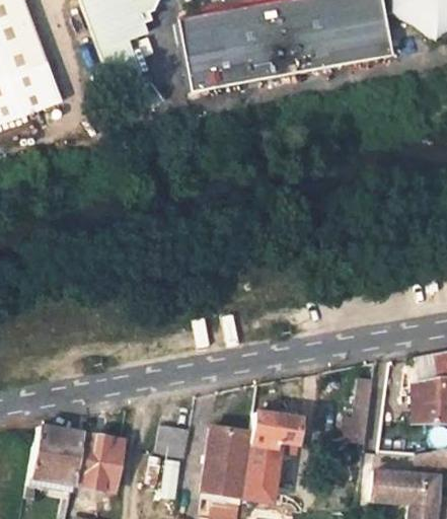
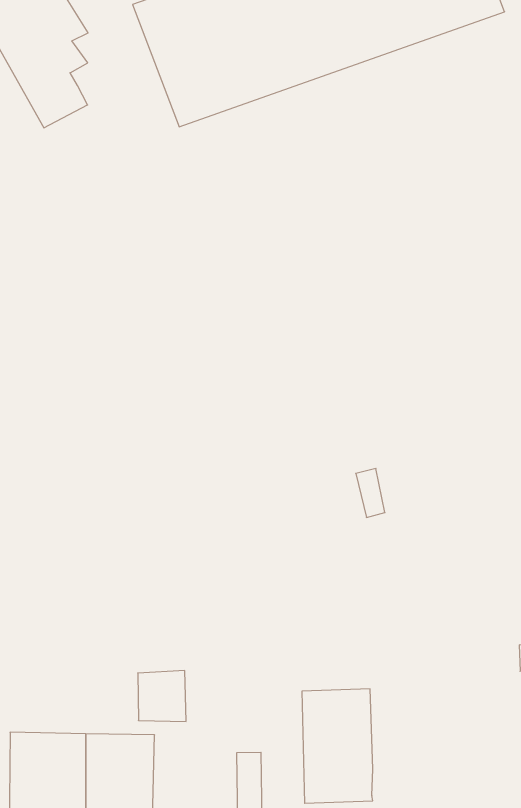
building: [240,414,296,500] -> none
building: [159,423,191,455] -> [138,671,186,721]

